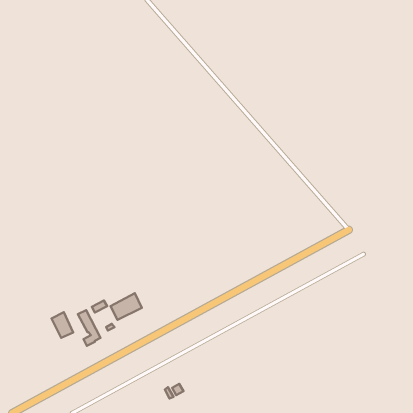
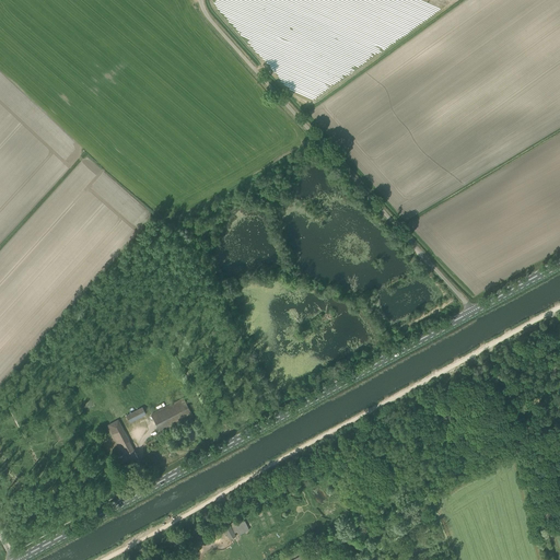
building: [51,312,73,338] -> none

